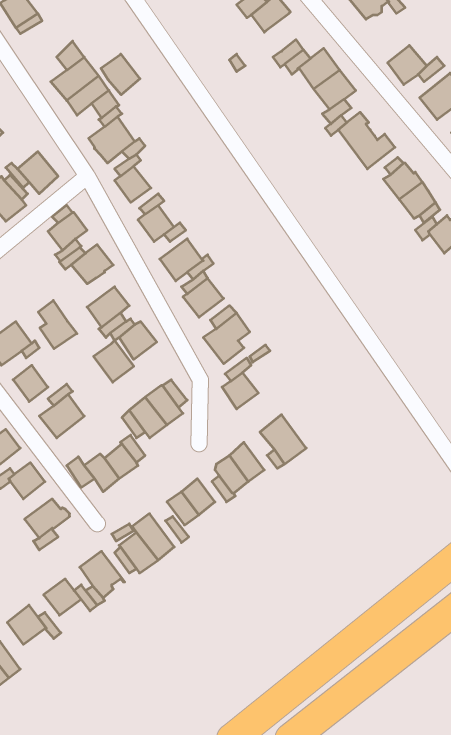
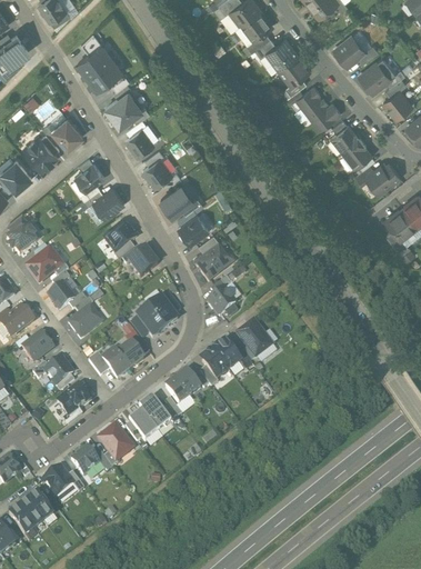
building: none -> [241,11,271,40]
building: [101,54,140,95] -> none
building: [38,300,77,349] -> none
building: [94,341,134,382] -> none

